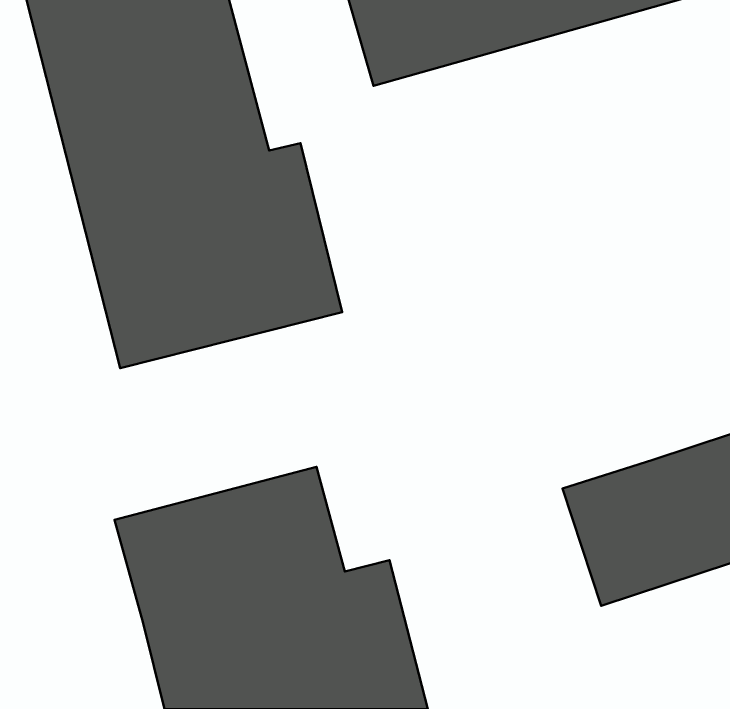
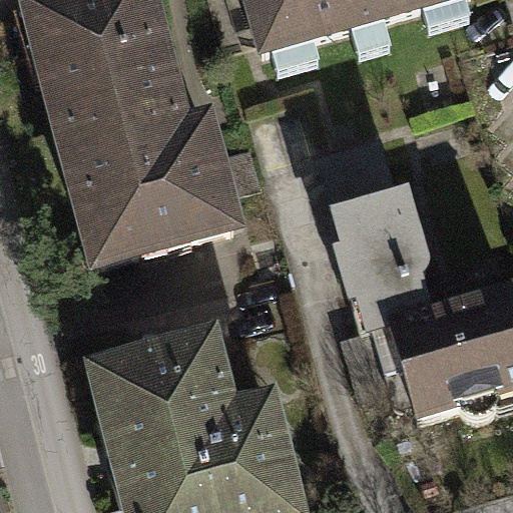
building: none -> [327,181,458,349]

